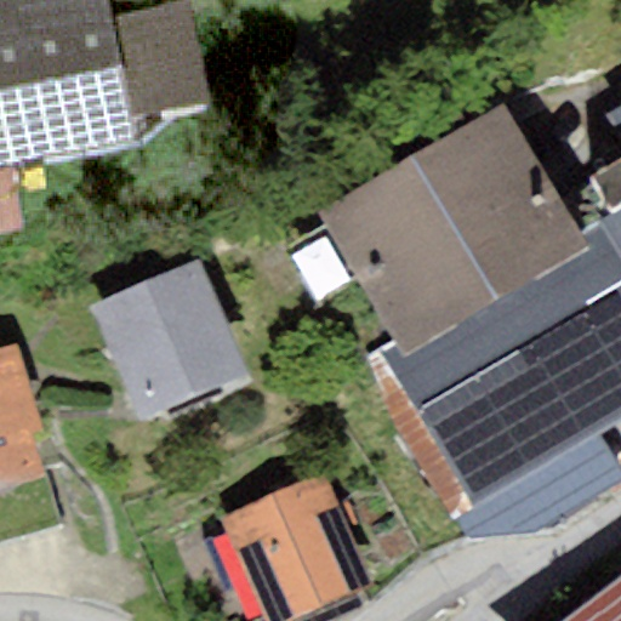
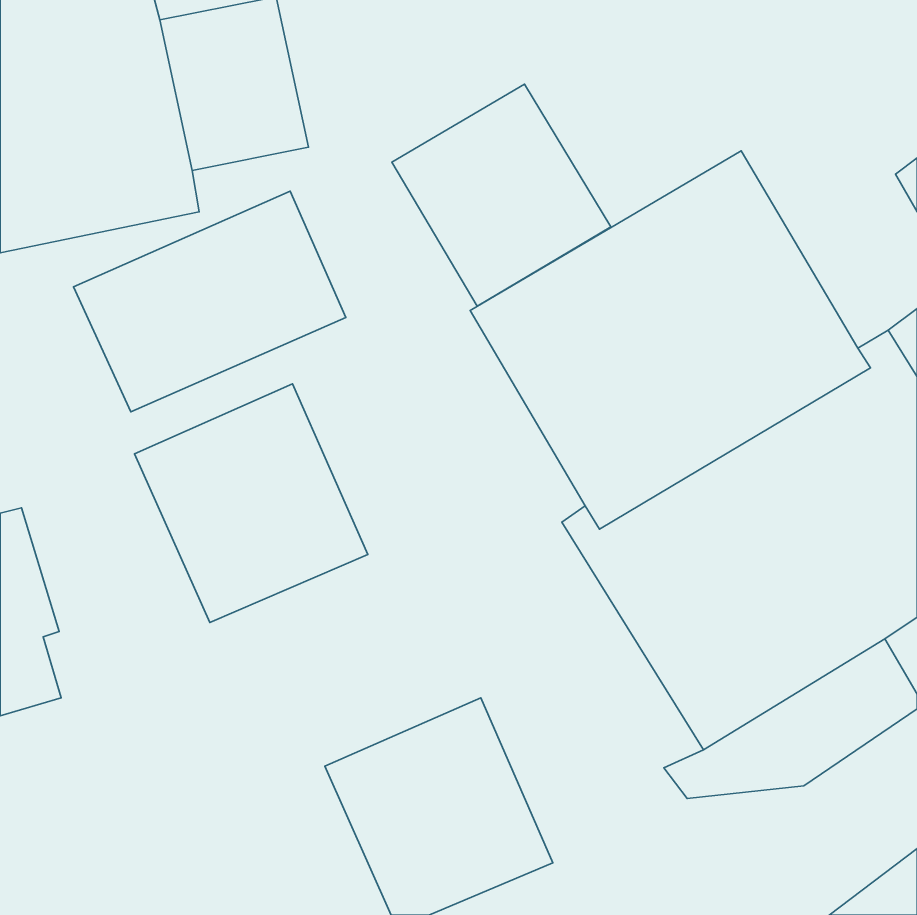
building: none -> [392,84,611,306]
building: none -> [74,191,346,412]

